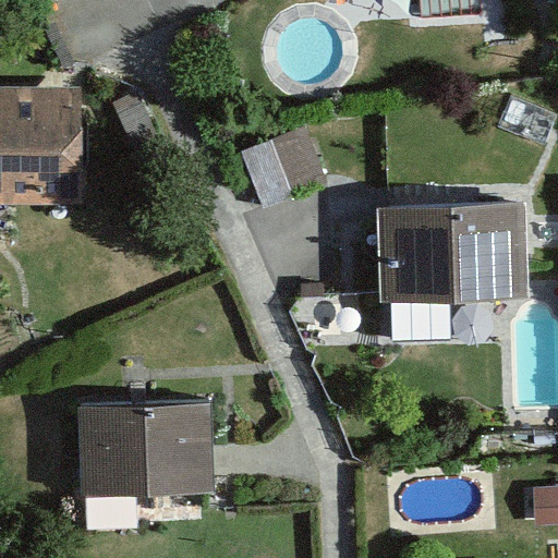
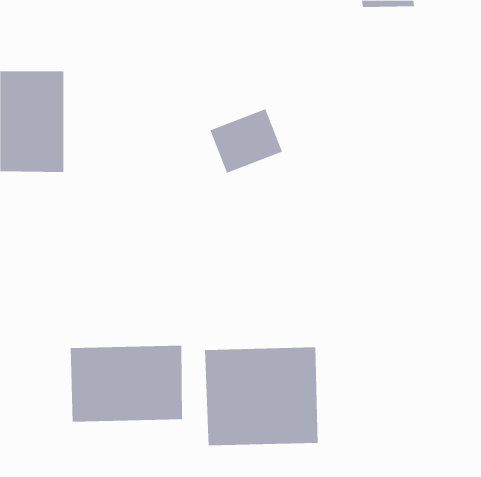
building: [378,205,522,339] -> none
building: none -> [205,347,318,446]

